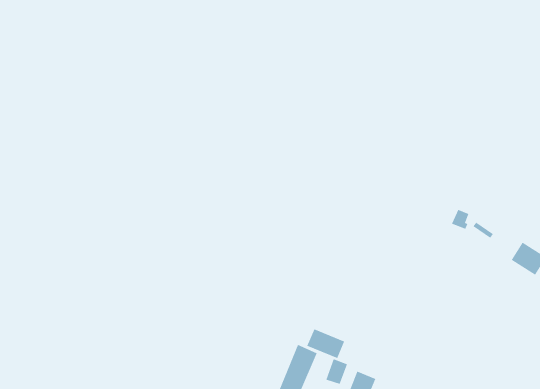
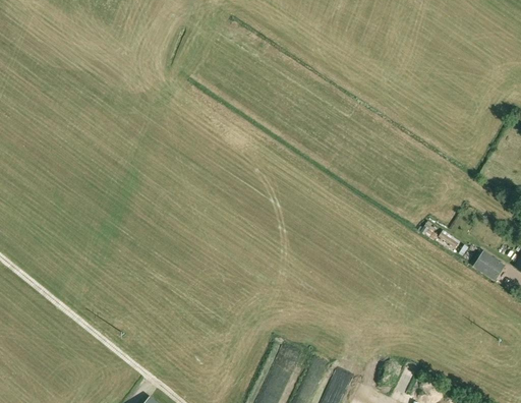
building: [307,328,345,359] -> none

